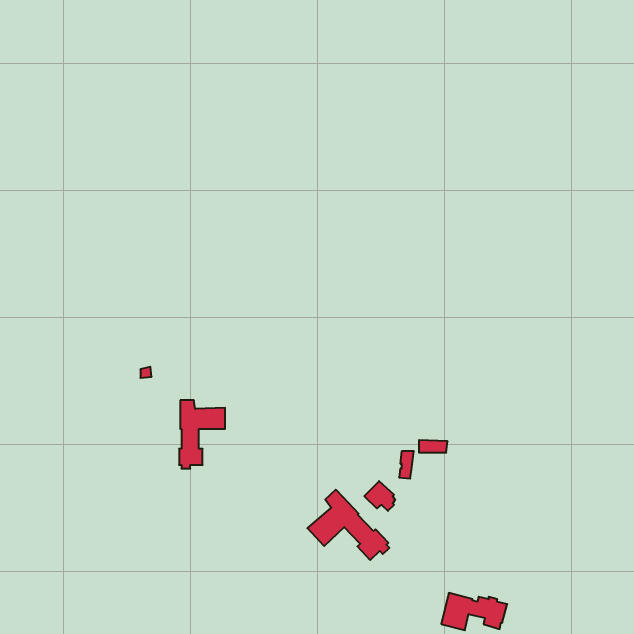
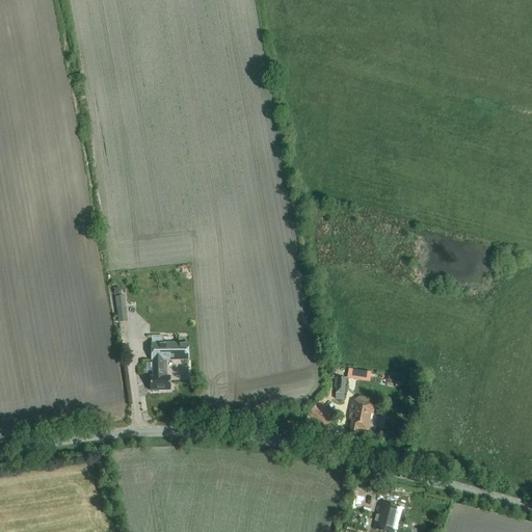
building: none -> [349,399,375,433]
building: [307,490,389,560] -> none

